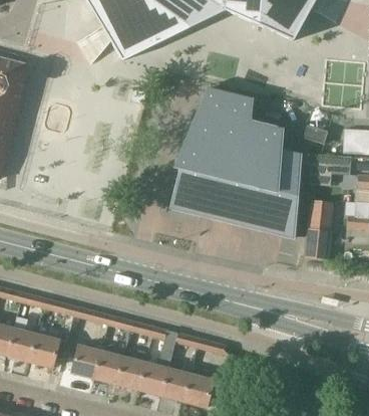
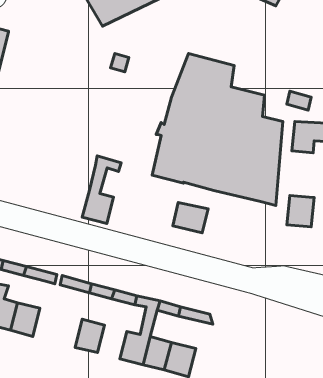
building: none -> [82,156,121,223]
building: [307,199,333,229] -> none
building: none -> [173,202,208,233]
building: [72,344,101,378] -> none
building: [116,356,145,389] -> none

